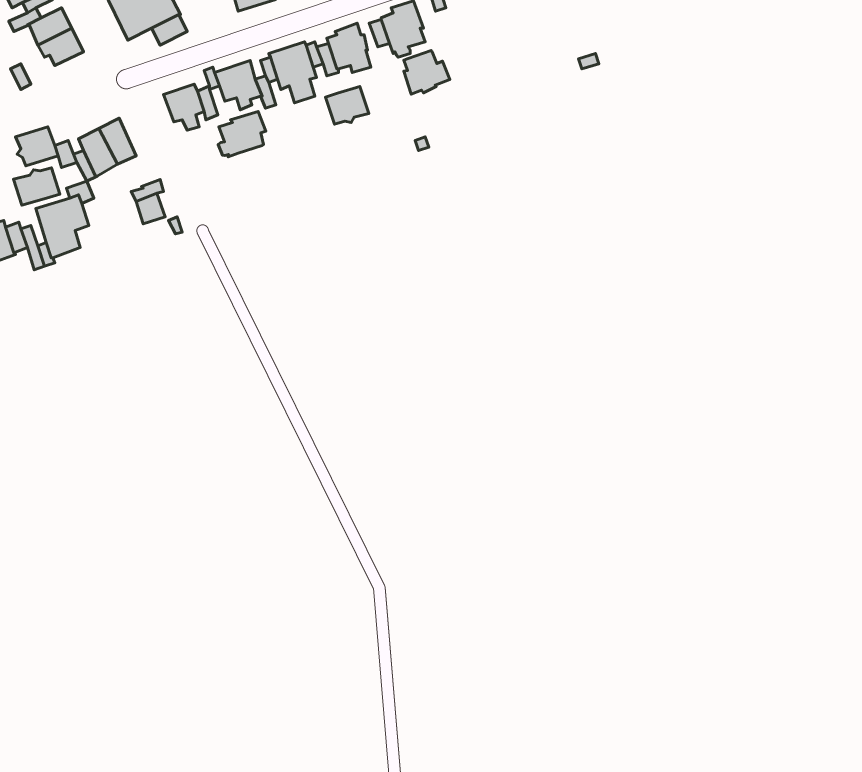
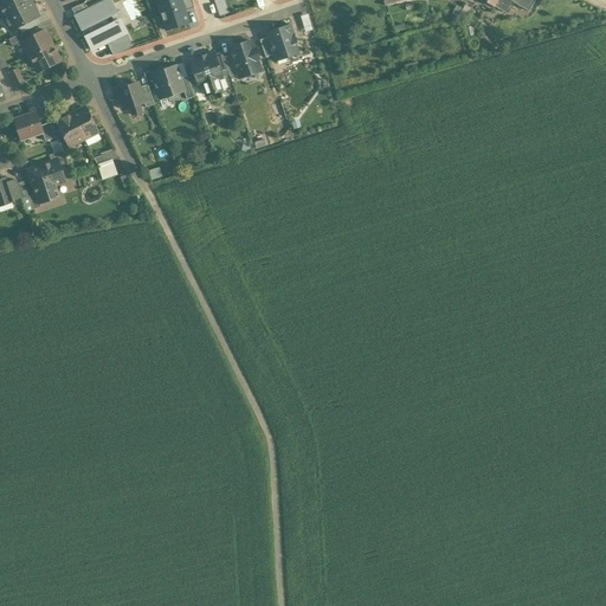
building: [404,50,450,94] -> none
building: [325,86,369,124] -> none
building: [218,111,266,157] -> none
building: [14,168,60,205] -> none

